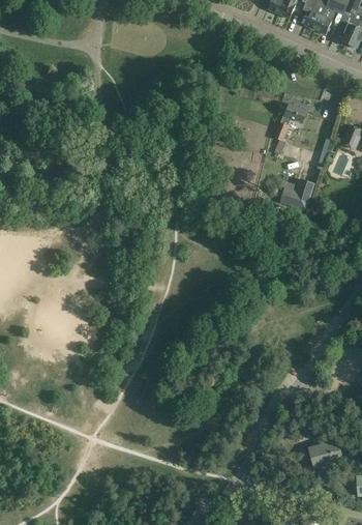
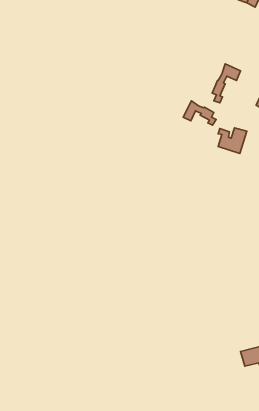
building: none -> [183,101,216,125]

